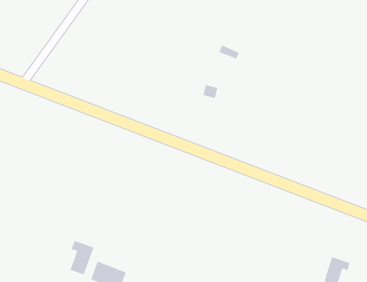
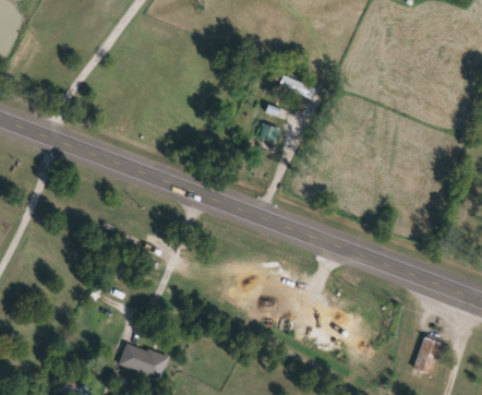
building: [69,240,95,275] -> none

